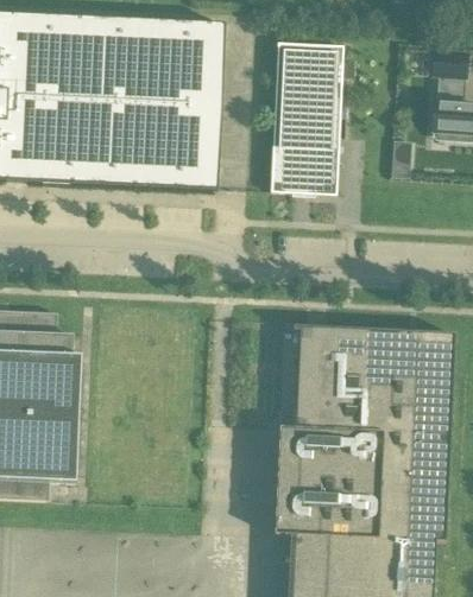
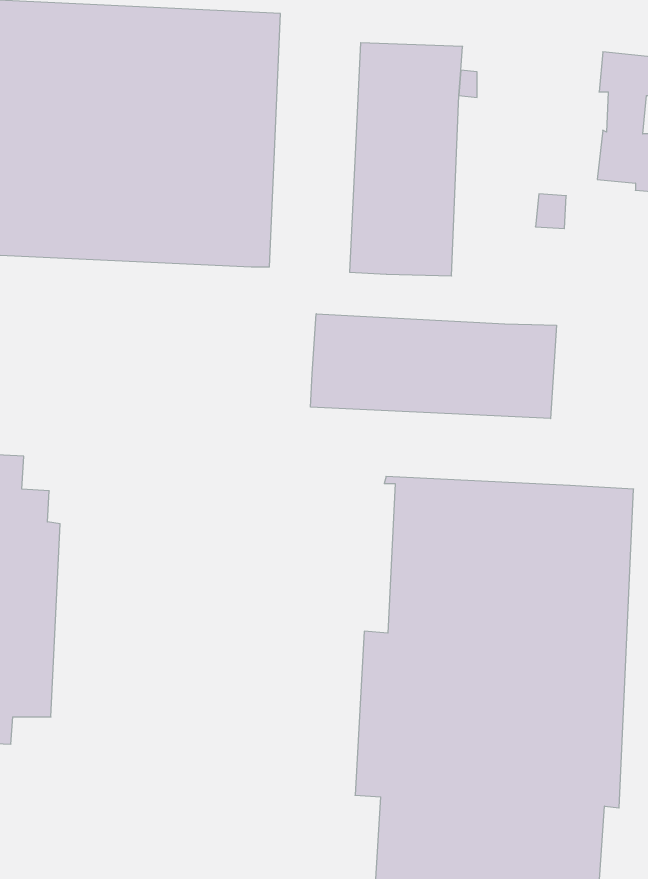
building: none -> [311,314,556,419]

